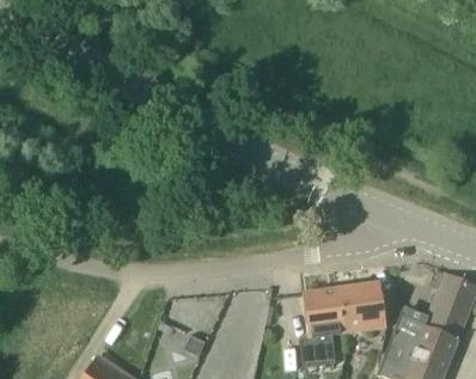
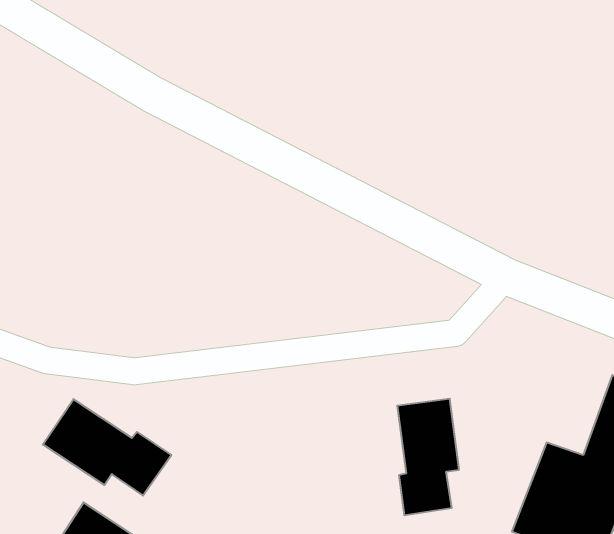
building: [337,281,386,334] -> none
building: none -> [43,399,171,496]

